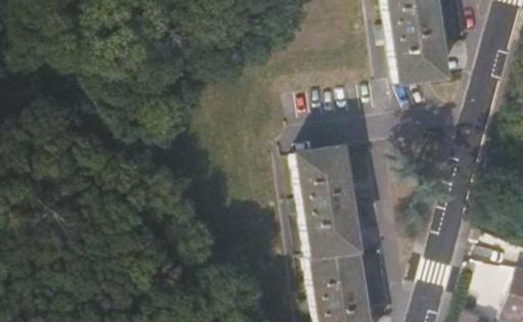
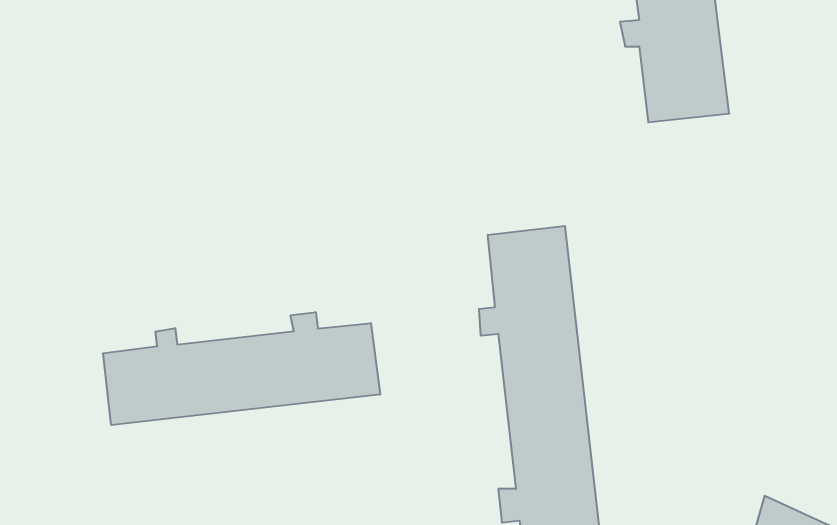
building: none -> [103,312,380,425]

